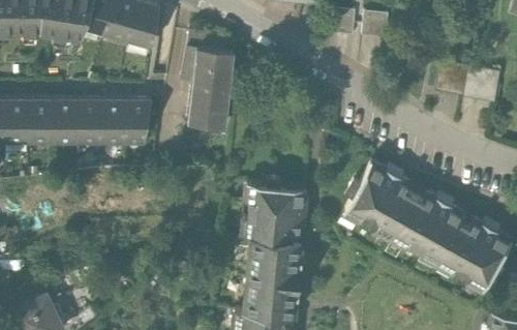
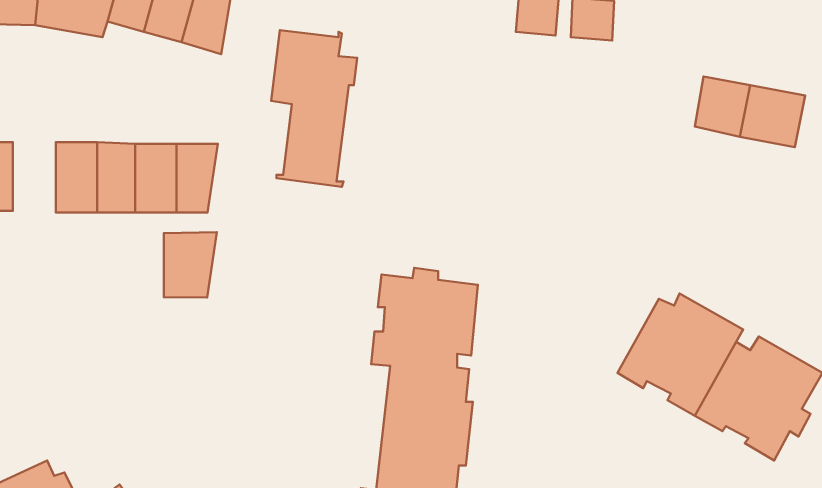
building: [27,101,53,144] -> none
building: none -> [164,232,217,297]
building: [342,161,415,240] -> none

